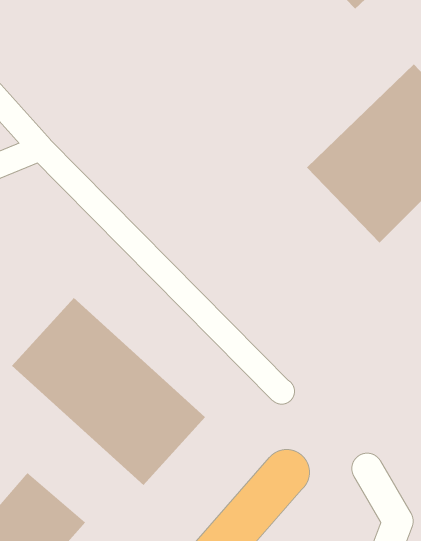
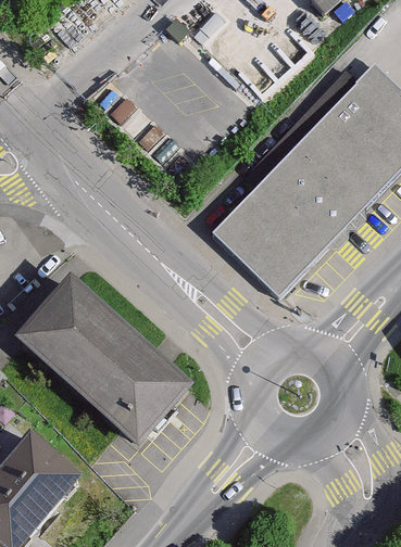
building: none -> [205,160,346,298]

